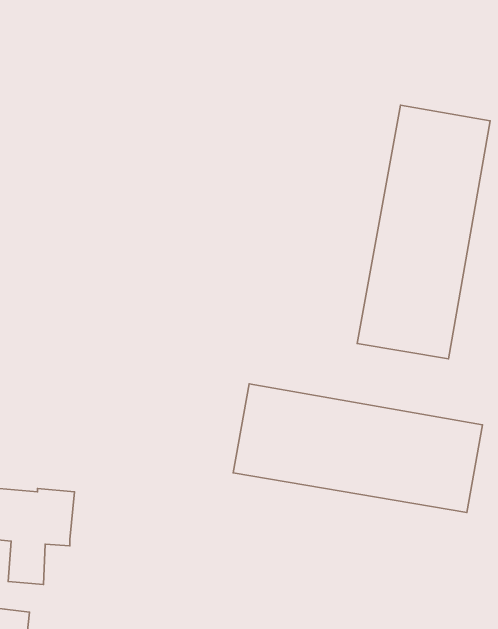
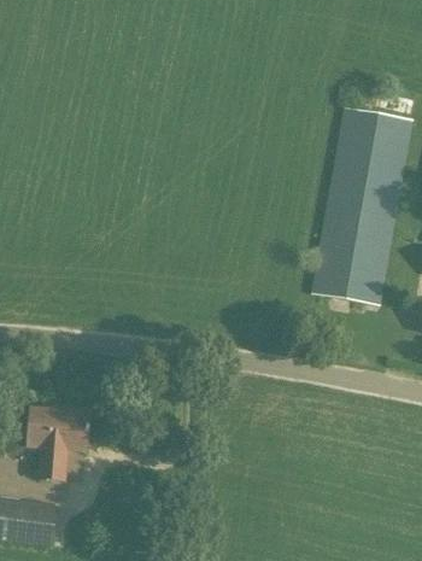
building: [233,384,482,512] -> none

